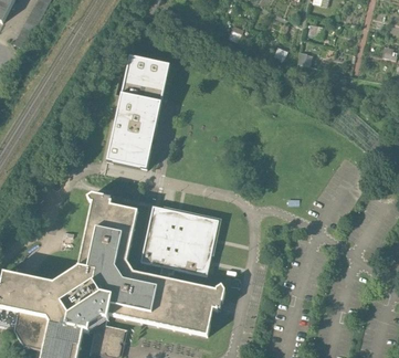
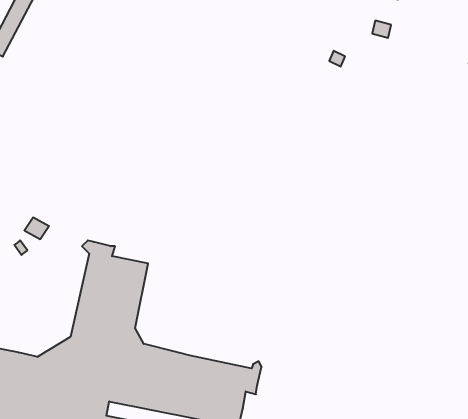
building: [102,56,167,171] -> none
building: [140,206,220,278] -> none

